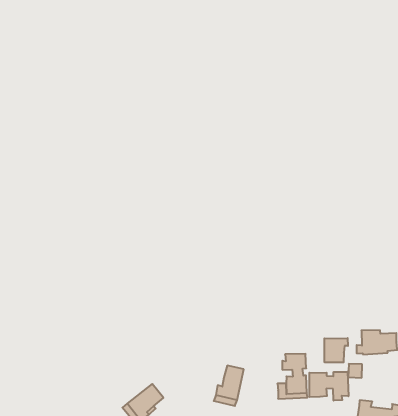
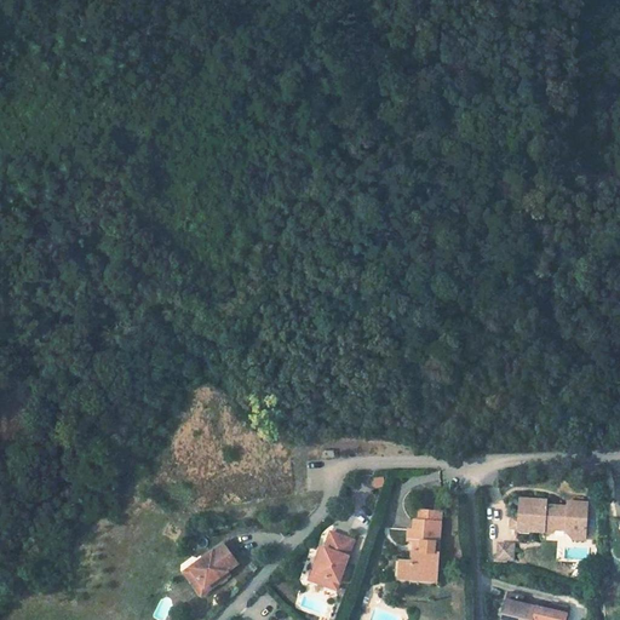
building: [324,338,348,362] -> none
building: [309,372,348,401] -> none

